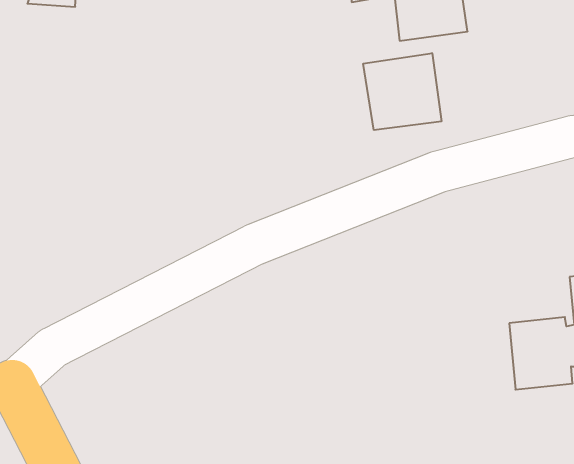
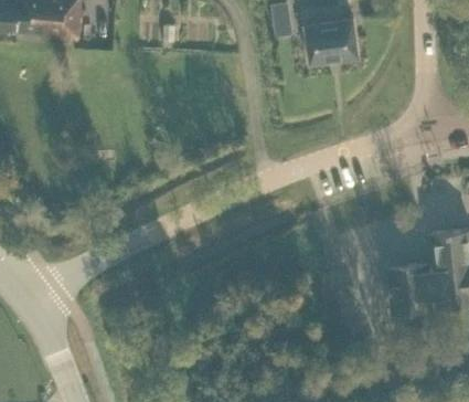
building: [363,53,441,130] -> none

